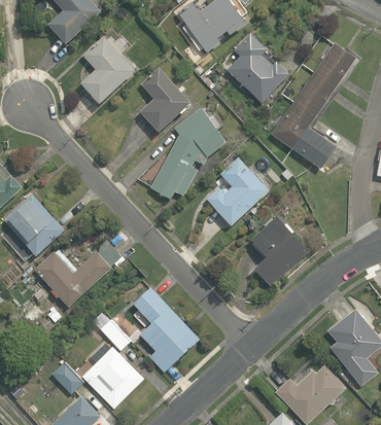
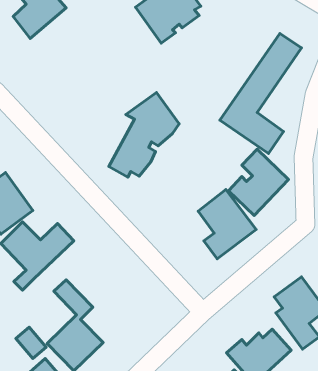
building: [223,29,291,105] -> none
building: [80,35,138,104] -> none
building: [138,68,193,136] -> none
building: [204,155,269,227] -> [229,149,288,216]
building: [131,286,199,373] -> none

